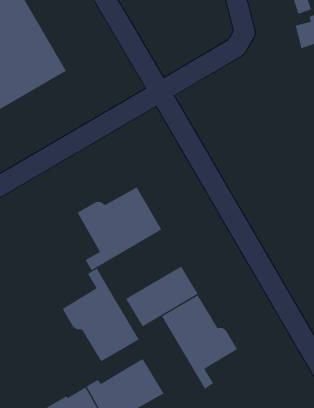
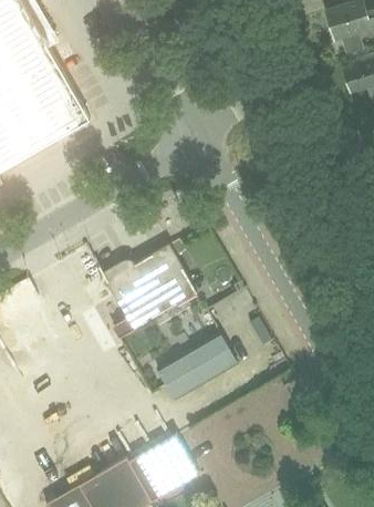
building: [62,268,139,362] -> none
building: [161,294,238,389] -> none

